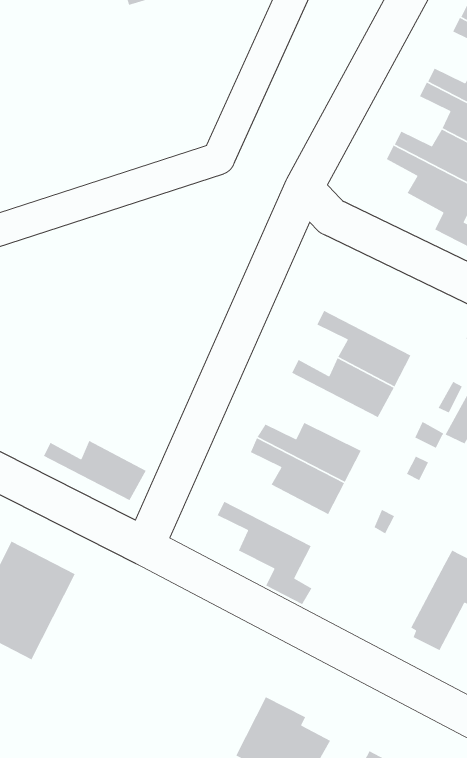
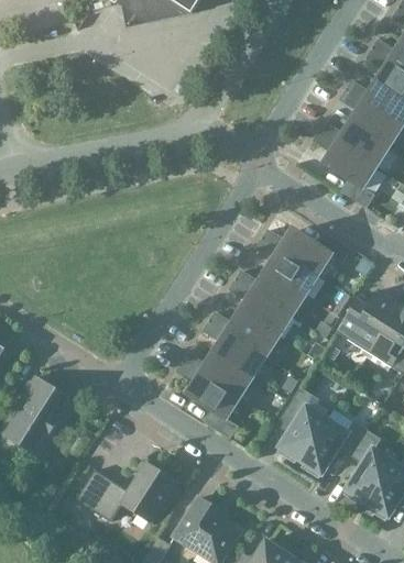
building: none -> [261,230,349,275]
building: none -> [229,279,292,336]
building: [42,440,147,501] -> [182,353,252,398]
building: none -> [276,387,327,462]
building: none -> [76,463,176,521]

